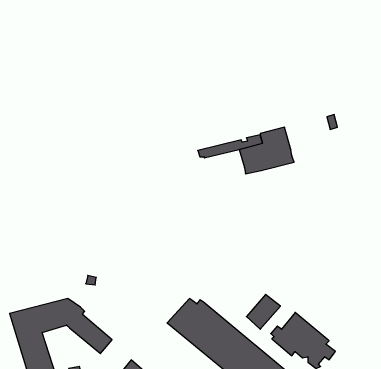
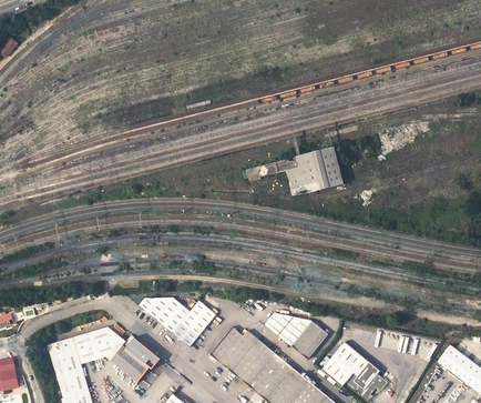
building: none -> [140,295,217,345]
building: none -> [266,313,314,345]

